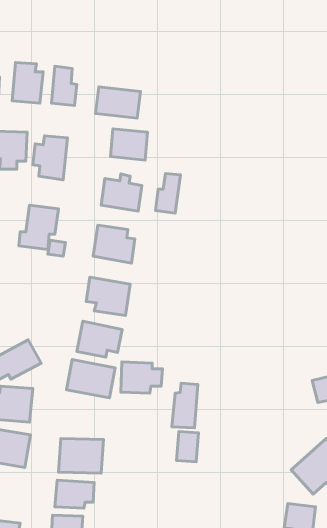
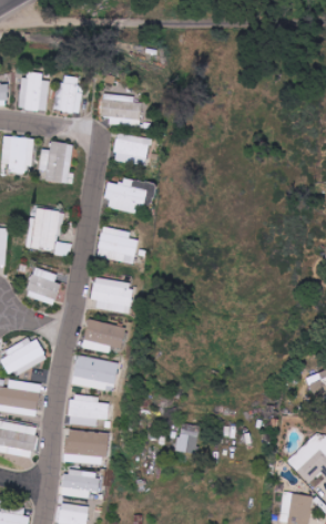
building: [155,174,181,213] -> none
building: none -> [23,266,60,305]
building: [121,362,162,393] -> [68,395,108,425]
building: [172,383,198,428] -> none

